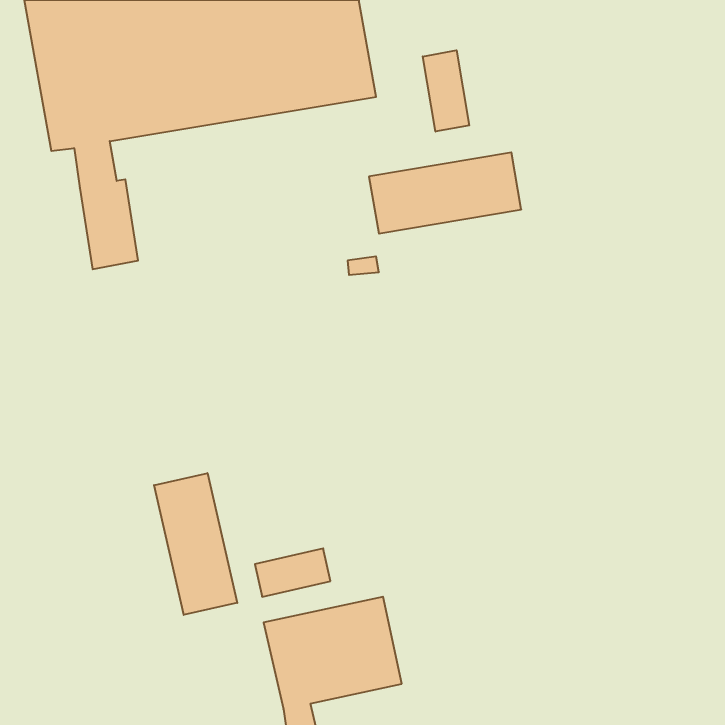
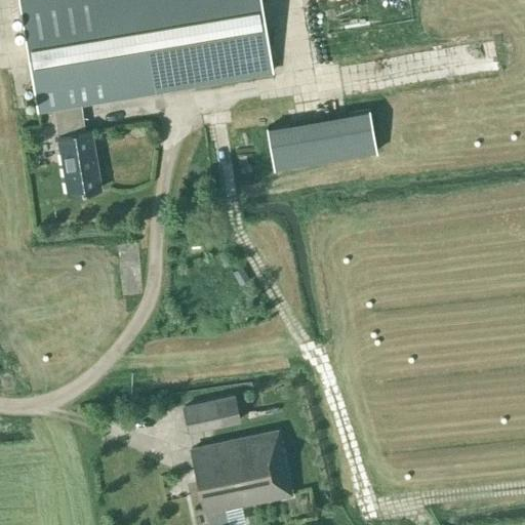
building: [423,50,469,132] -> none
building: [154,473,237,615] -> none

